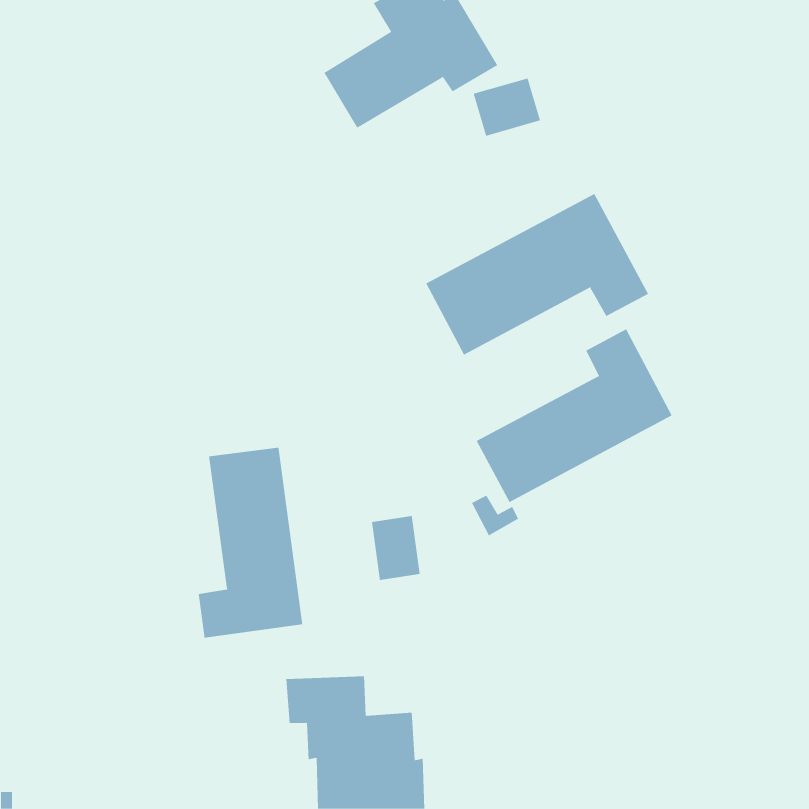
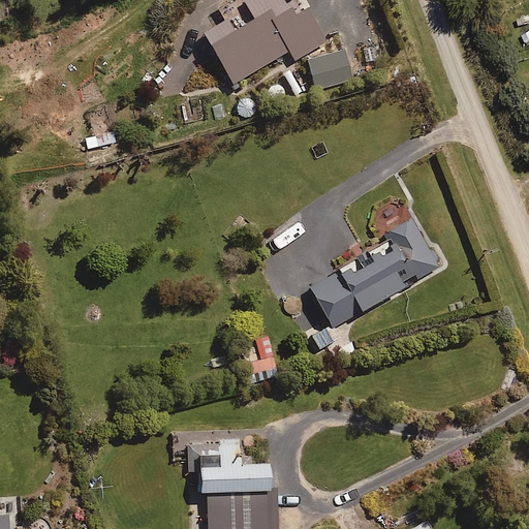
building: [426,193,649,356] -> none
building: [198,447,303,639] -> none

